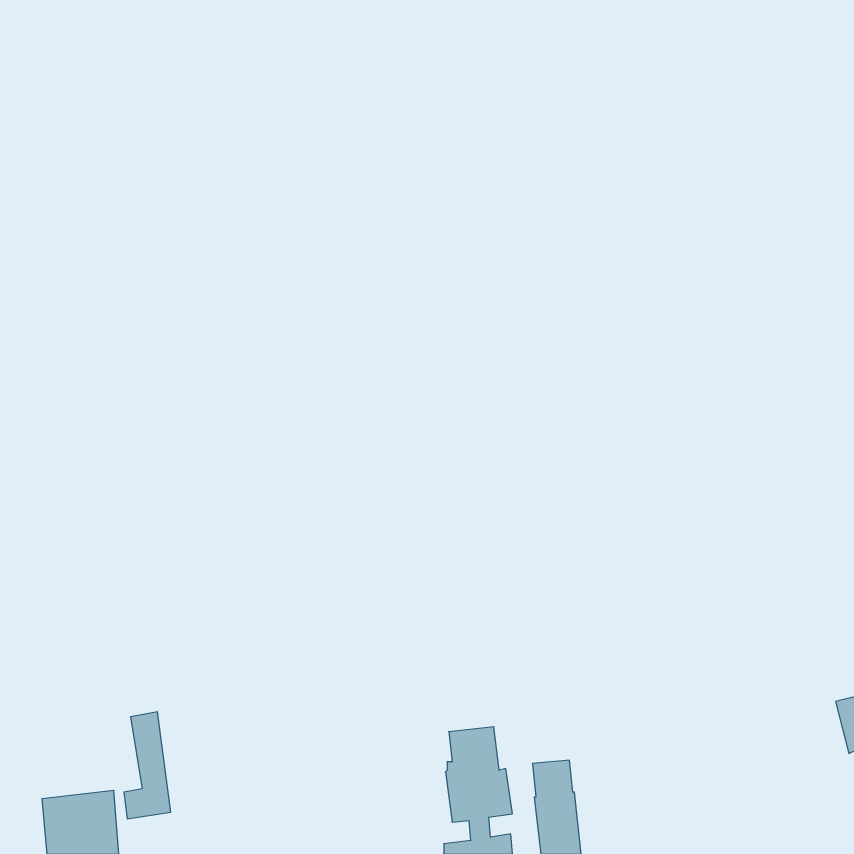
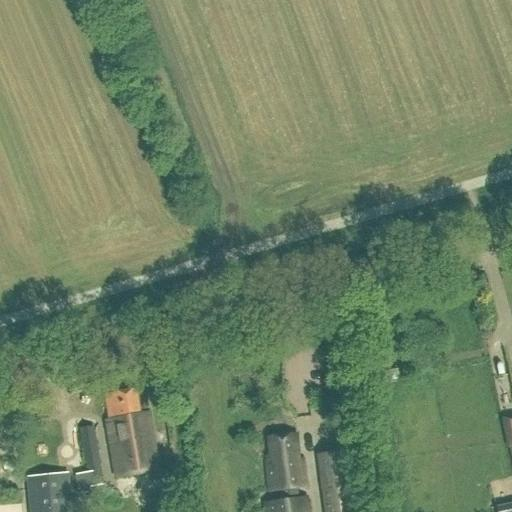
building: none -> [106,389,158,476]

